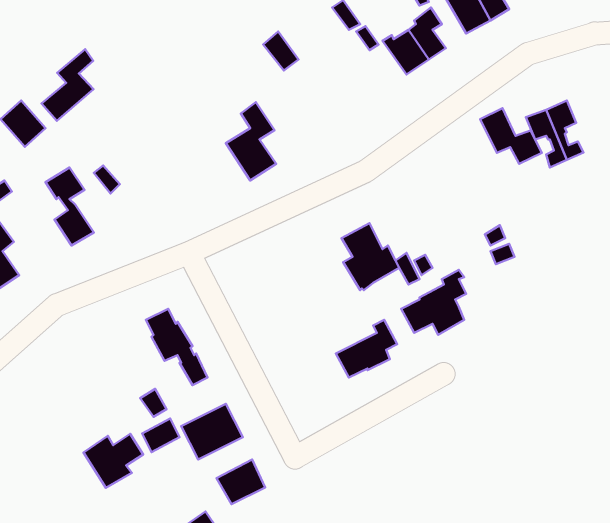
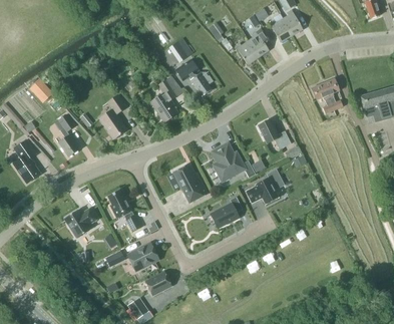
building: [41,49,94,121] -> none
building: none -> [174,58,212,95]
building: [480,108,542,164] -> [258,118,291,148]
building: none -> [99,94,126,137]
building: none -> [173,164,207,202]
building: [83,434,143,488] -> [64,208,96,237]

